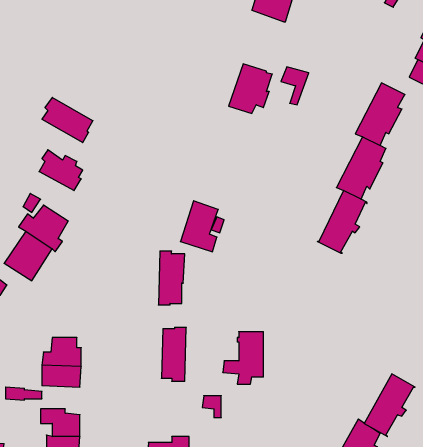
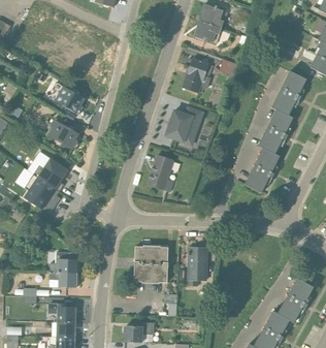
building: none -> [193,20,222,43]
building: none -> [164,105,204,146]
building: [158,251,185,305] -> [151,245,169,283]

